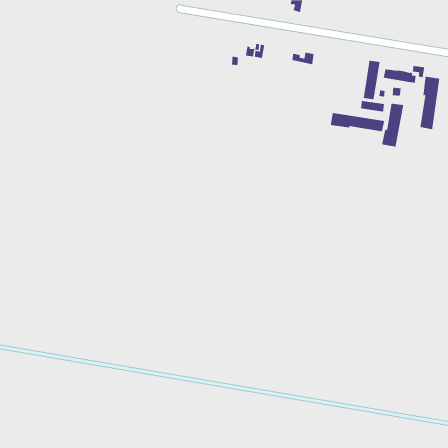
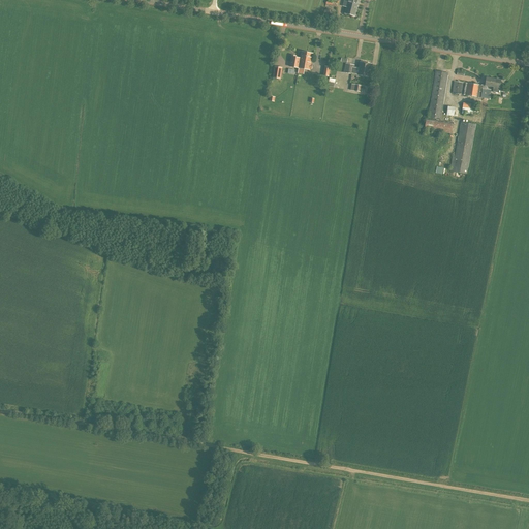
building: [420,76,440,130] -> none
building: [330,112,385,132] -> none

